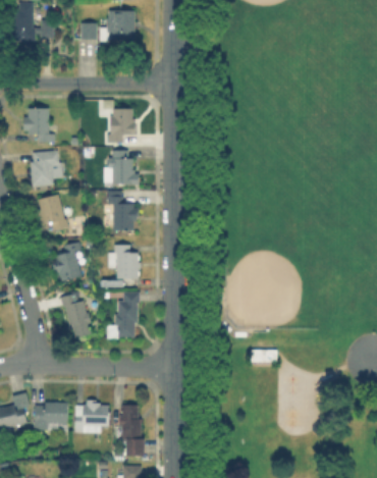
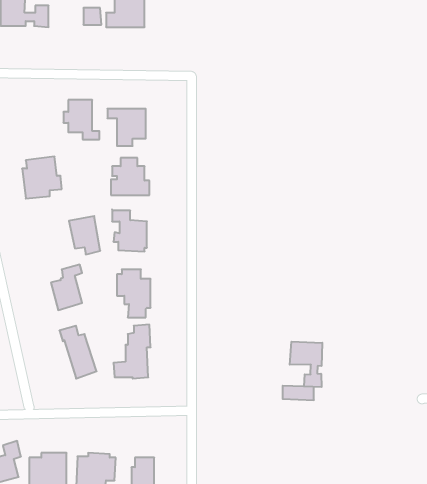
building: [23,108,54,142] -> [63,100,99,139]
building: [38,197,64,229] -> [69,216,100,254]
building: none -> [290,342,322,387]

